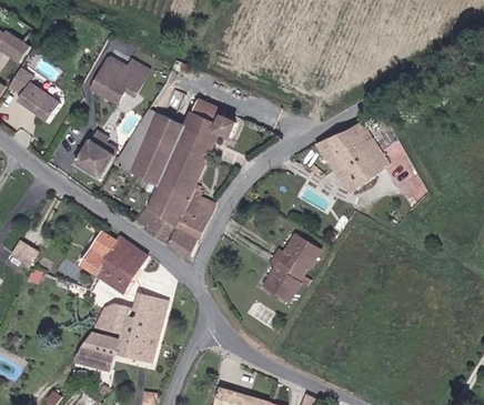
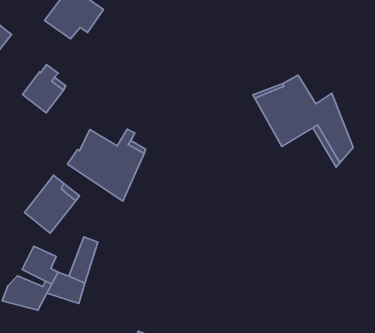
building: [119,97,230,204] -> none
building: [78,235,113,279] -> none
building: [259,235,316,303] -> none
building: [102,295,152,340] -> none

